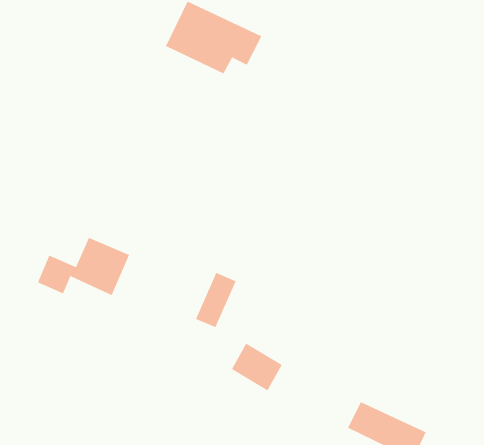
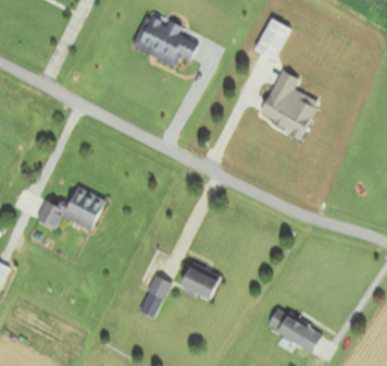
building: none -> [255,17,290,59]
building: none -> [258,69,320,136]
building: [195,272,236,328] -> [140,274,171,316]

